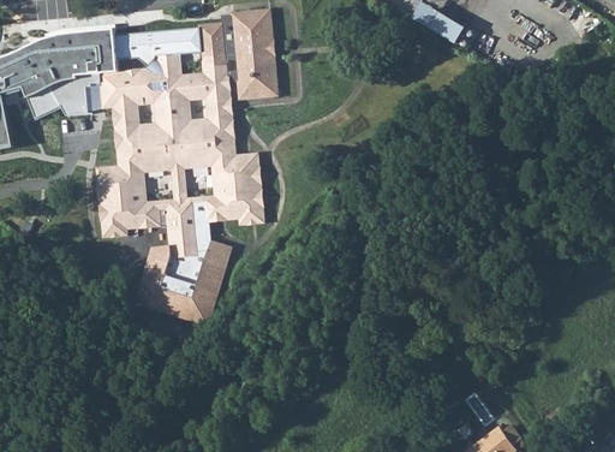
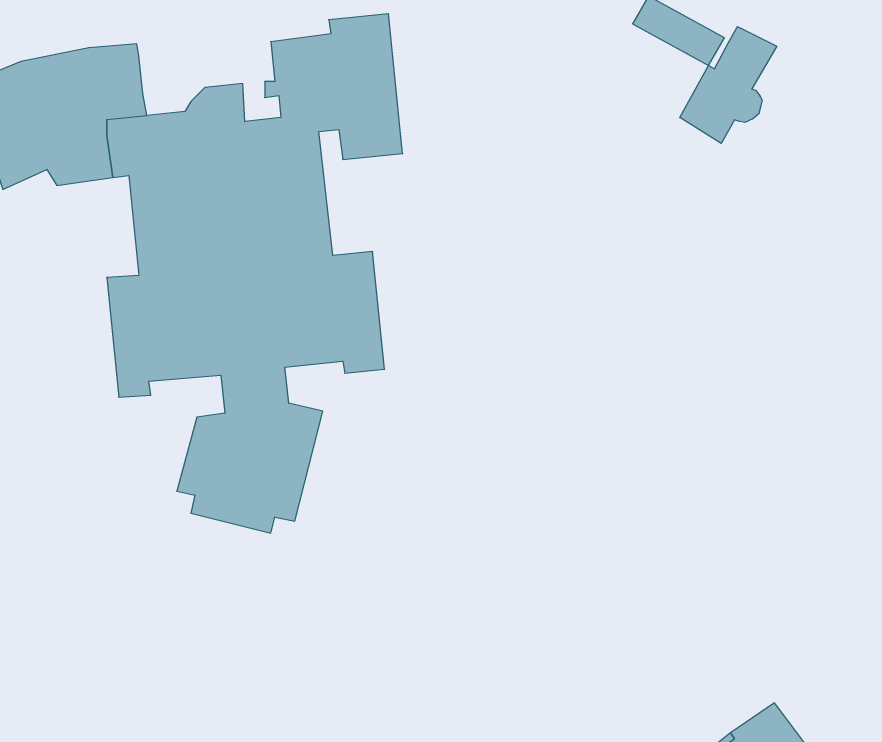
building: none -> [680,27,777,143]
building: [118,26,199,63] -> none

